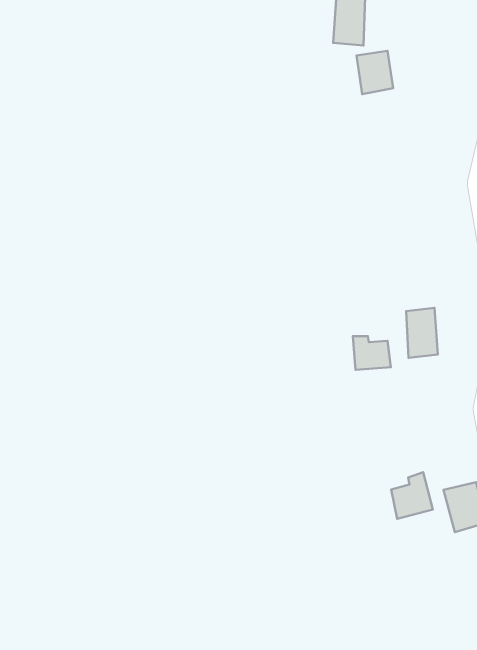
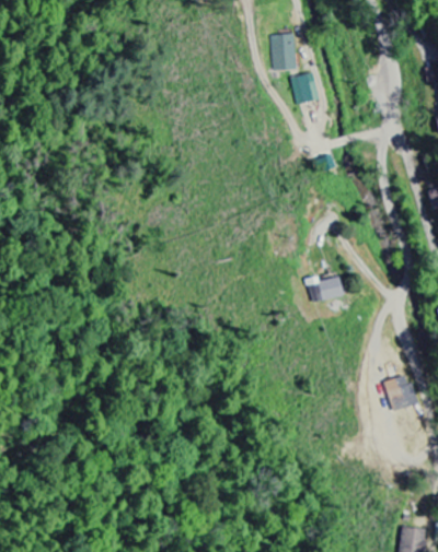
building: [406,308,438,358] -> none
building: [391,472,433,519] -> none

